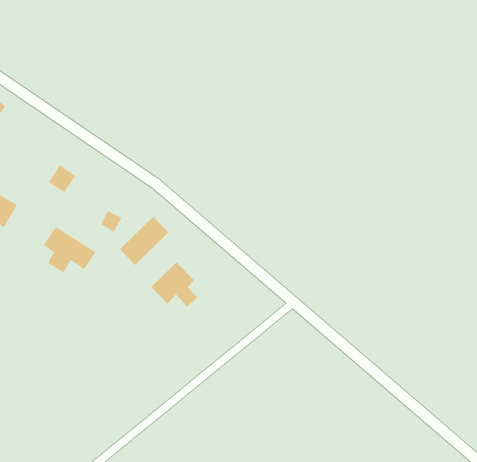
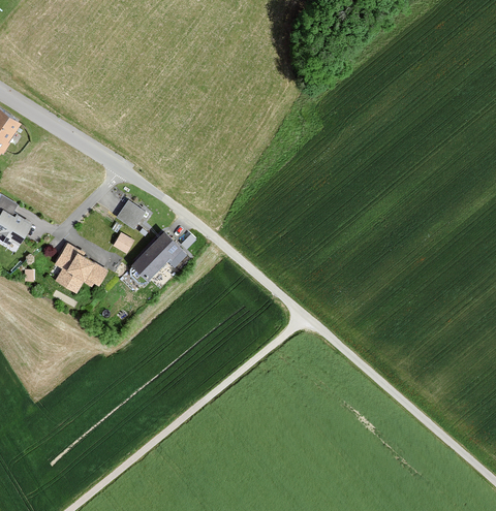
building: [48,165,76,193] -> [115,200,143,228]
building: [150,262,198,308] -> none

